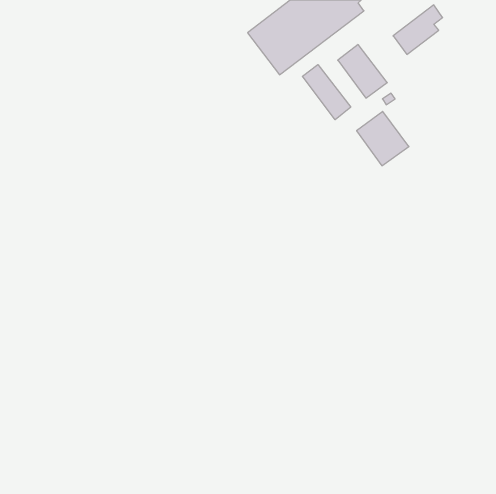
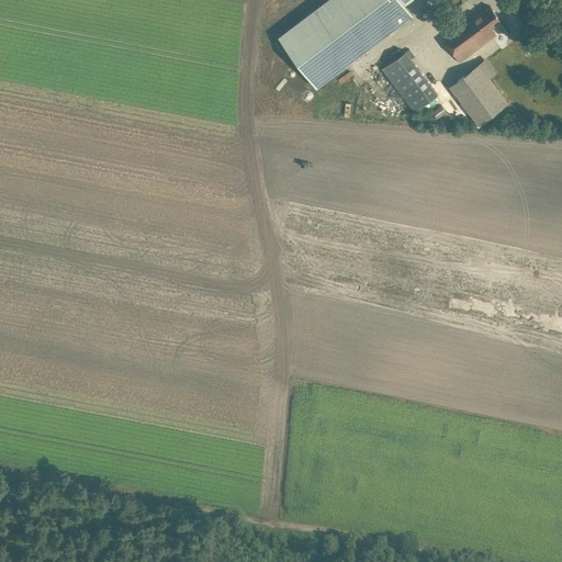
building: [302,65,351,120] -> none
building: [357,111,409,166] -> [449,66,508,127]

